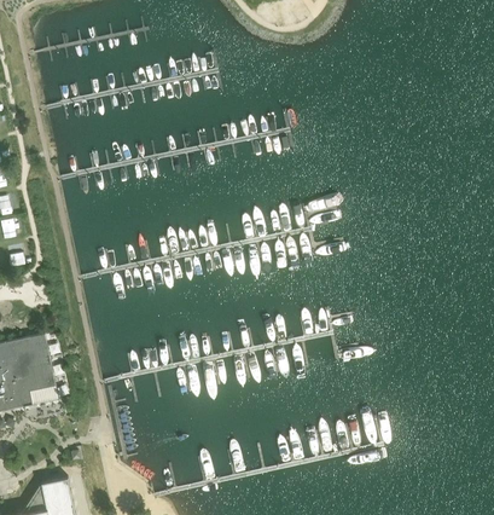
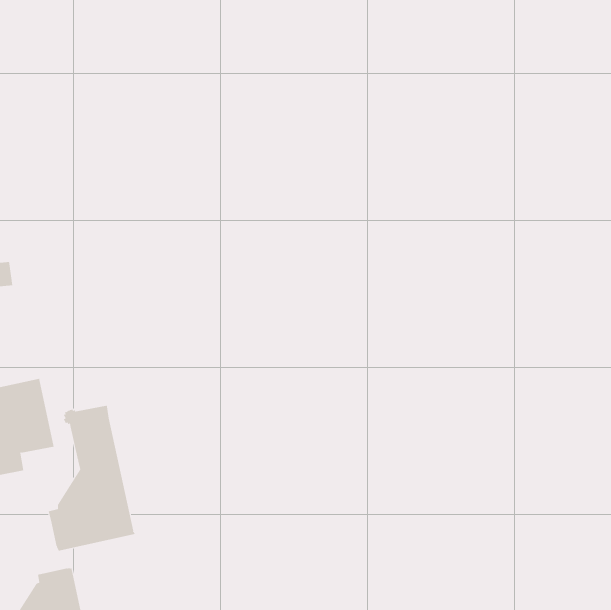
building: none -> [48,405,135,552]

